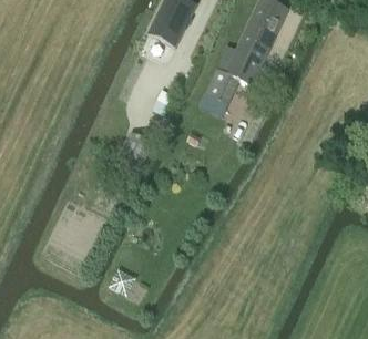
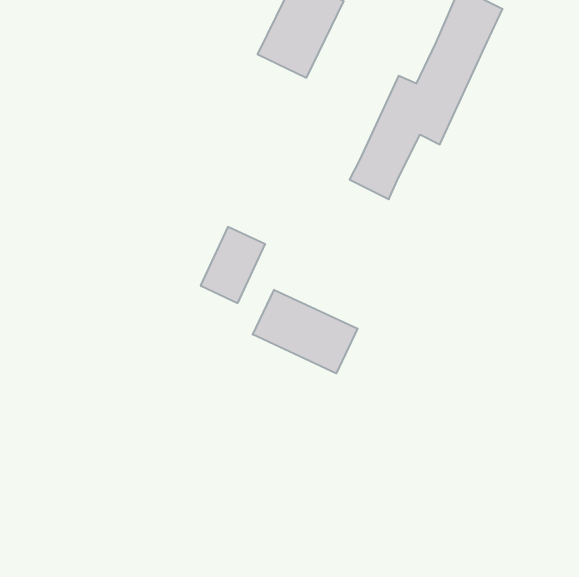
building: none -> [253,290,358,373]

